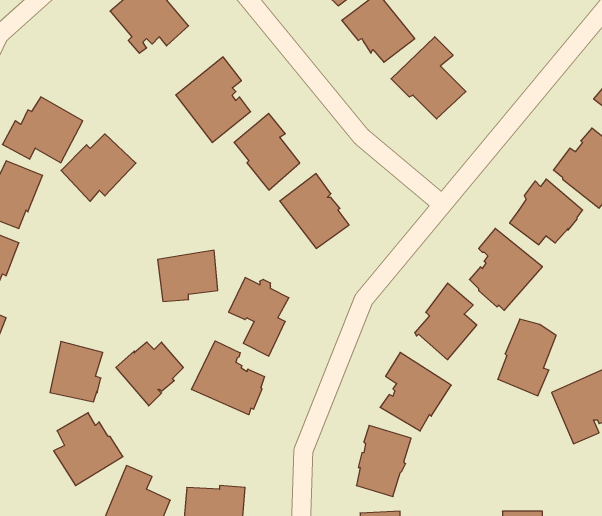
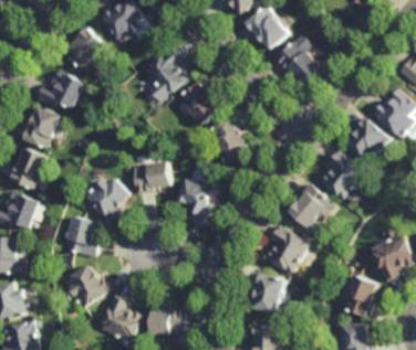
building: [61,134,136,201] -> [63,29,108,70]
building: [498,319,556,396] -> [342,271,377,317]
building: [192,341,264,415] -> none
building: [116,342,183,406] -> [87,181,128,220]

